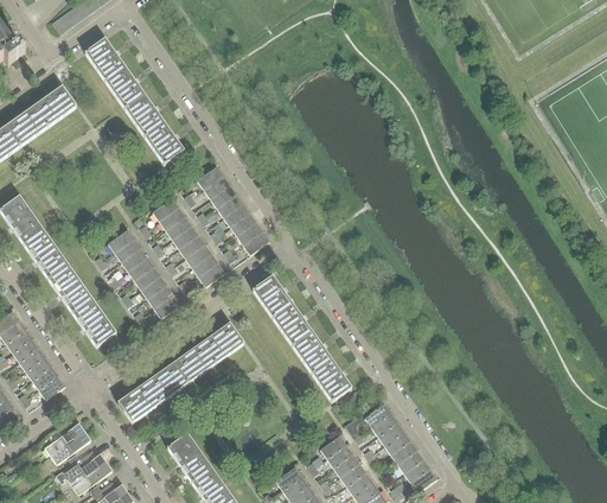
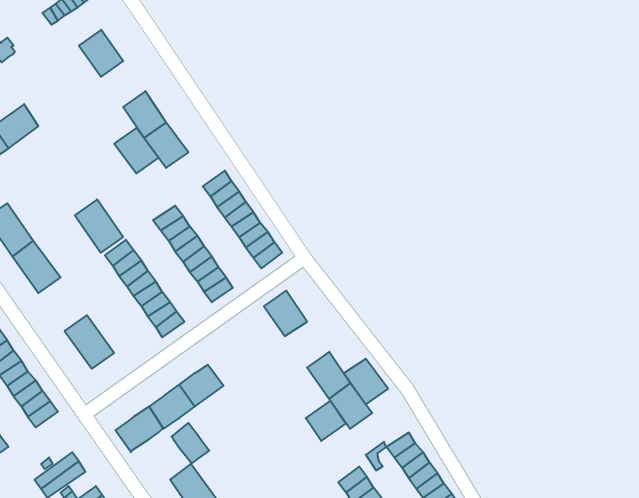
building: [104,66,145,108] -> [114,128,159,173]
building: [34,85,76,126] -> none
building: [47,263,91,312] -> [75,199,123,253]
building: [271,304,312,345] -> [344,359,388,404]
building: [202,323,243,362] -> none
building: none -> [306,401,346,441]
building: none -> [171,423,209,464]

